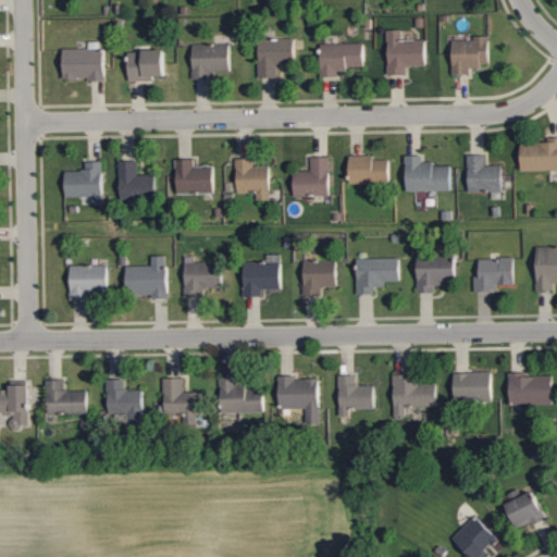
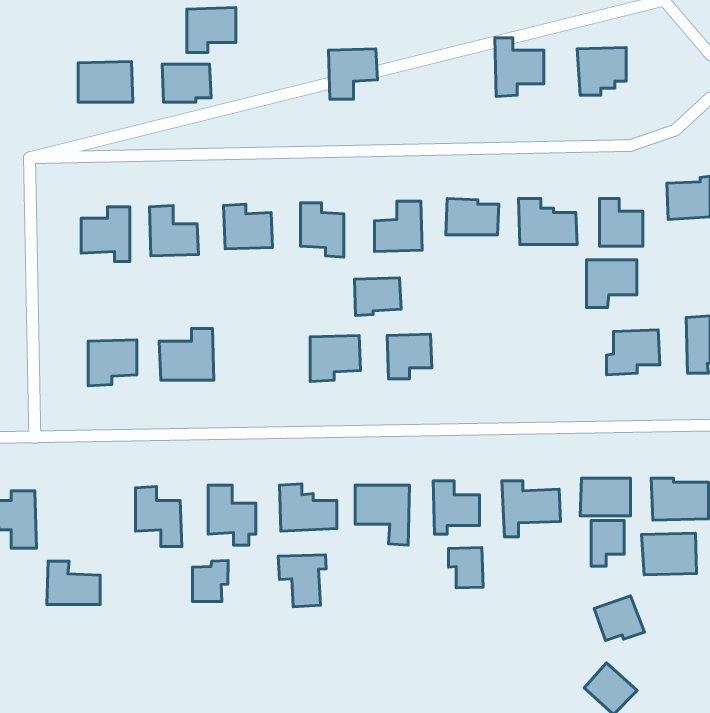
building: [319,44,362,76] -> none
building: [190,45,228,79] -> [187,8,236,52]
building: none -> [355,278,401,315]
building: [183,257,221,299] -> none
building: [416,257,455,294] -> [586,260,637,307]
building: [355,258,398,295] -> none
building: [45,381,86,414] -> [47,561,100,605]
building: none -> [591,520,624,566]
building: none -> [642,533,697,575]
building: none -> [449,547,483,588]
building: none -> [278,555,326,607]
building: none -> [192,561,228,602]
building: [507,493,546,528] -> [594,596,645,640]

